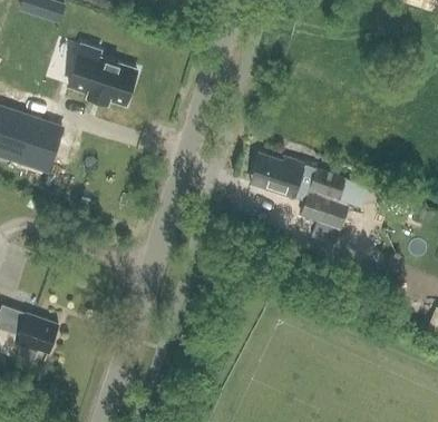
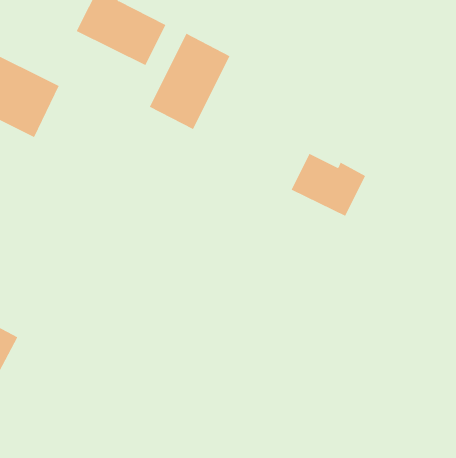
building: none -> [149,33,230,130]
building: [299,169,348,229] -> none

